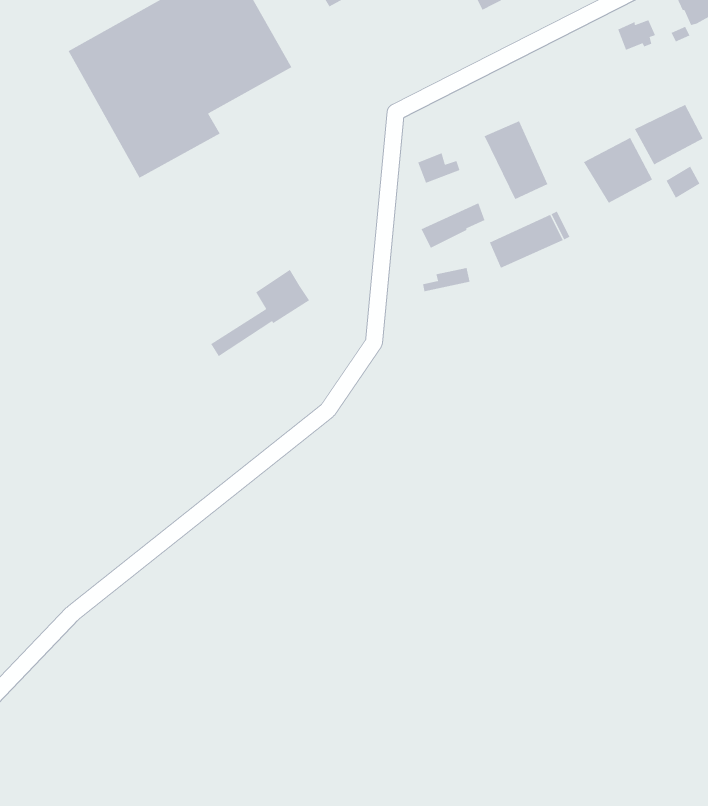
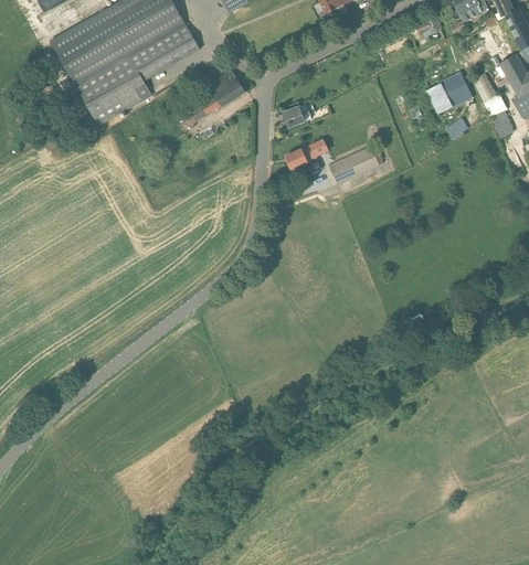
building: [484,120,548,200] -> none
building: [583,137,653,204] -> none
building: [210,269,310,357] -> [179,71,245,129]

